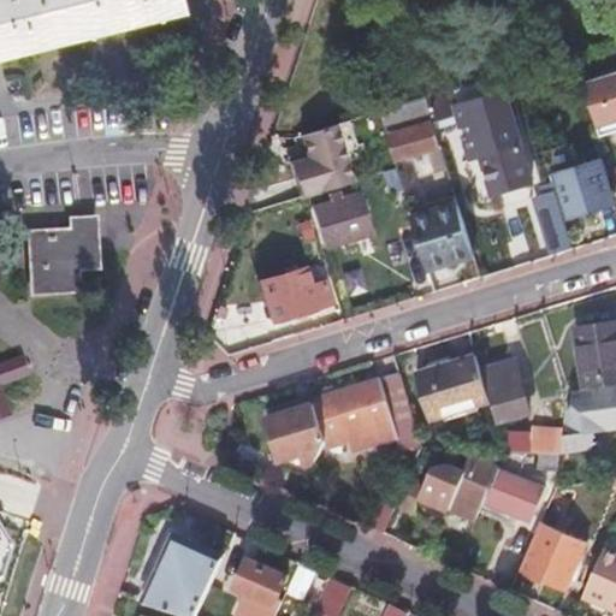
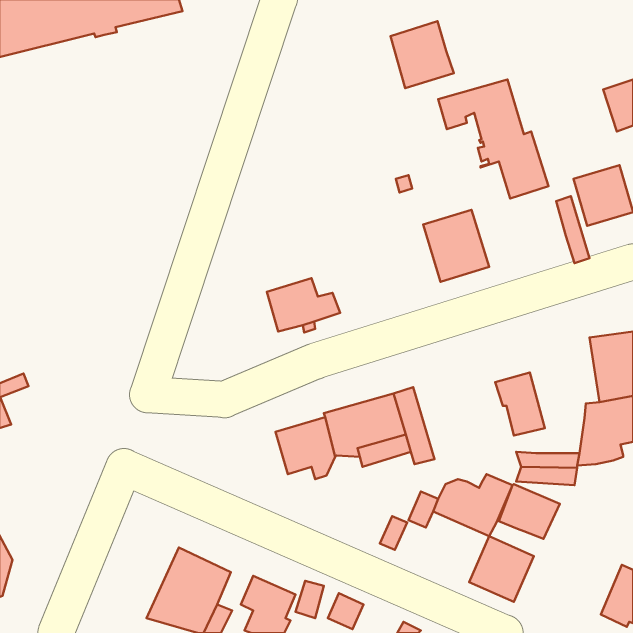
building: [379,96,440,161] -> [390,21,454,88]
building: [288,125,350,199] -> none
building: [313,194,369,247] -> none
building: [26,217,93,292] -> none
building: [417,356,490,419] -> none
building: [521,525,584,588] -> [469,536,534,602]

